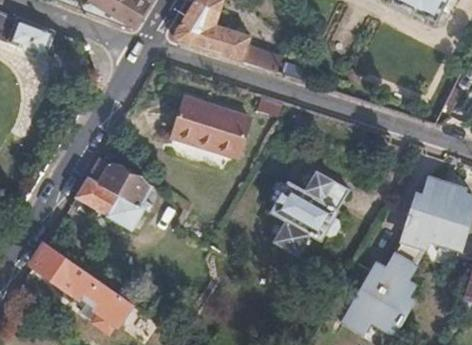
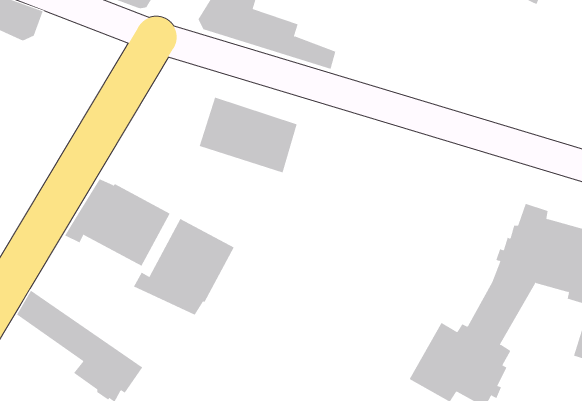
building: [268,170,346,254] -> none
building: none -> [133,218,235,315]

